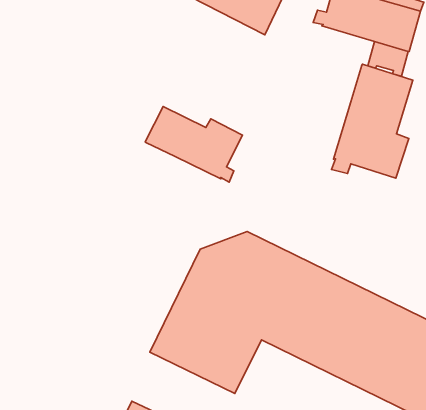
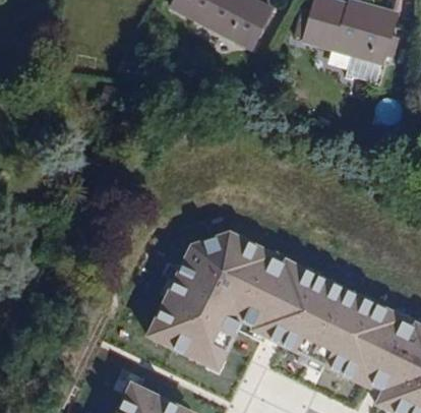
building: [331,64,413,178] -> none
building: [145,106,242,182] -> none

